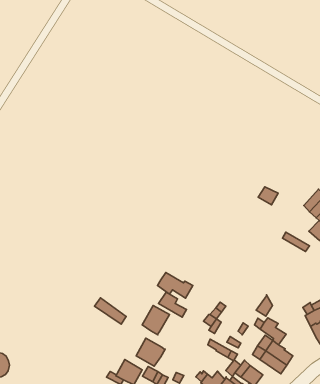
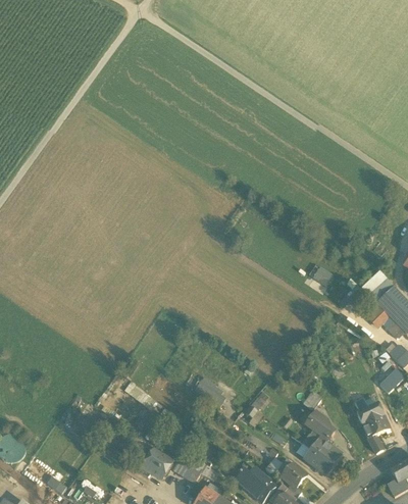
building: [158,272,193,298] -> none
building: [142,306,169,335] -> none
building: [136,338,165,366] -> none

